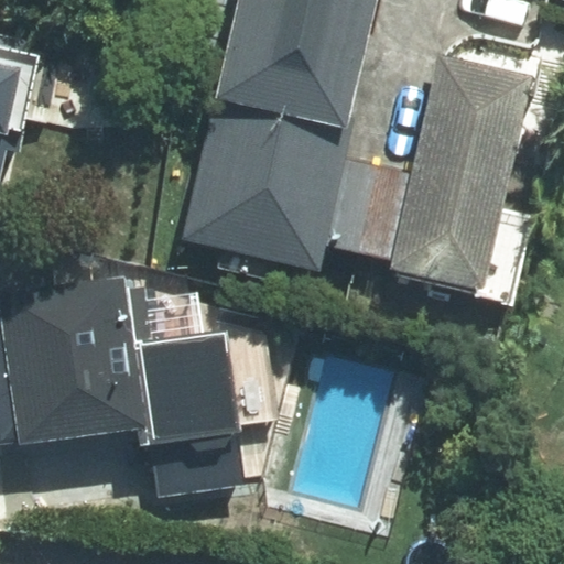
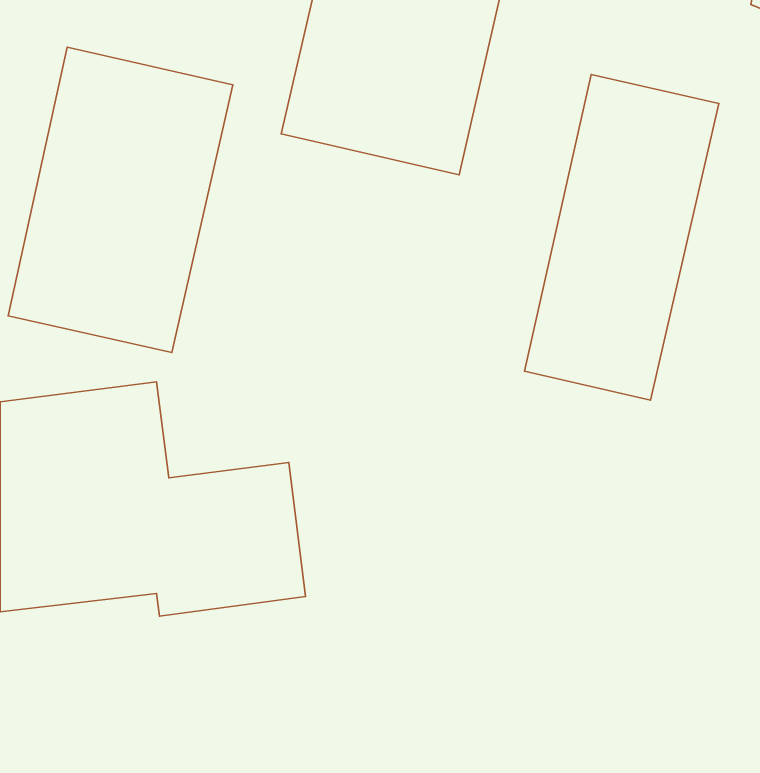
building: none -> [8,47,233,353]
building: [187,126,344,271] -> none

